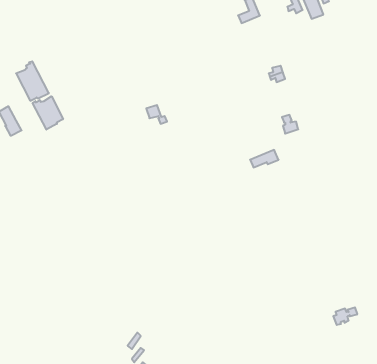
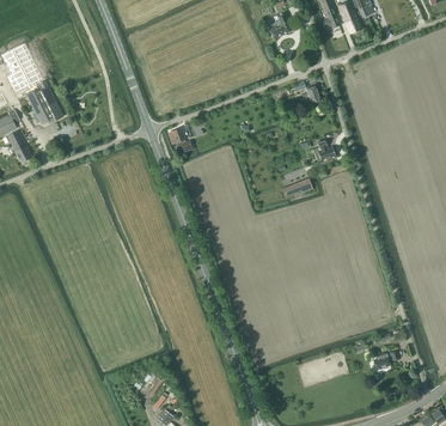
building: [33,96,63,130] -> none

